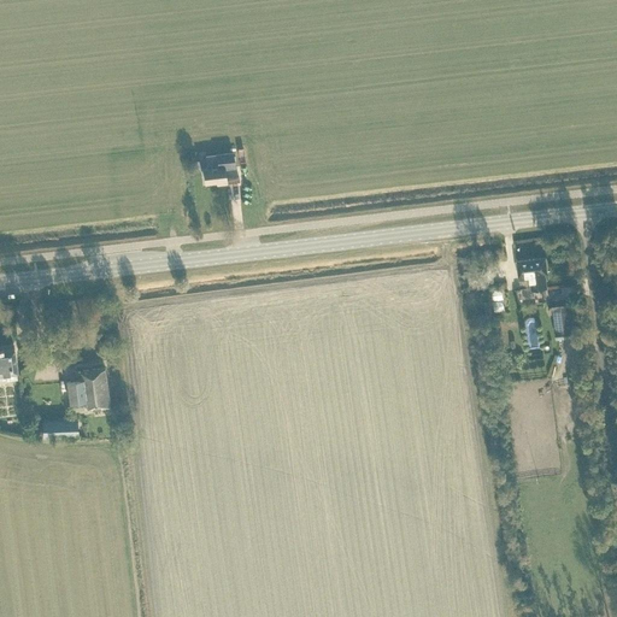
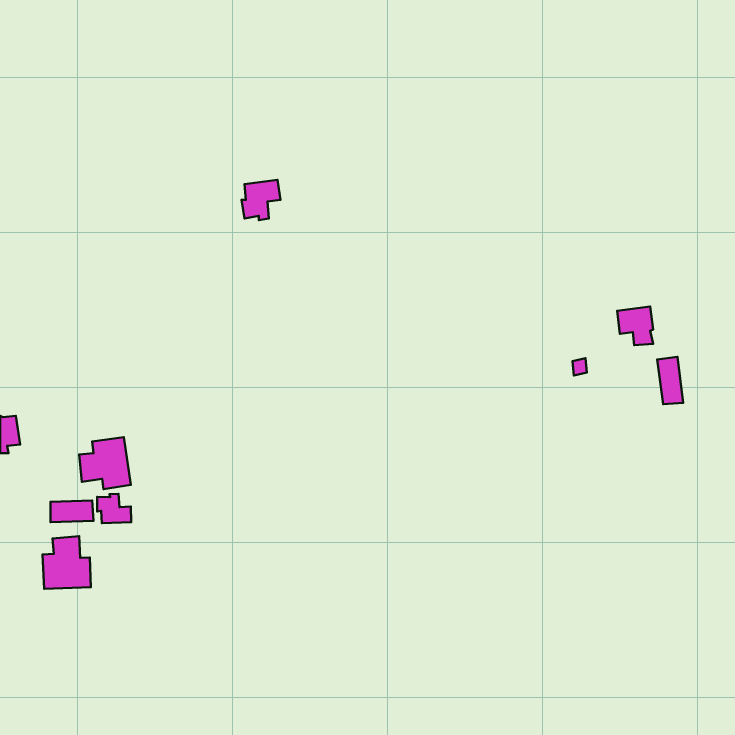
building: none -> [97,494,131,523]
building: none -> [43,536,91,589]

